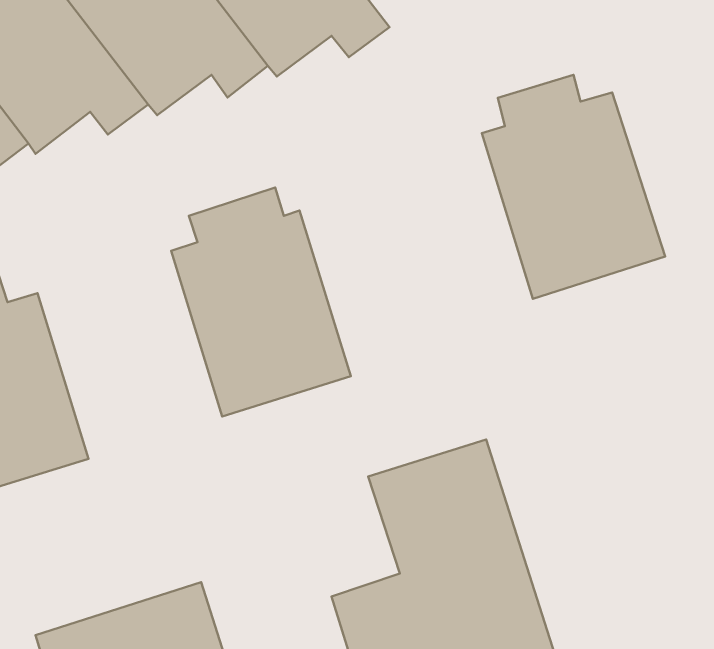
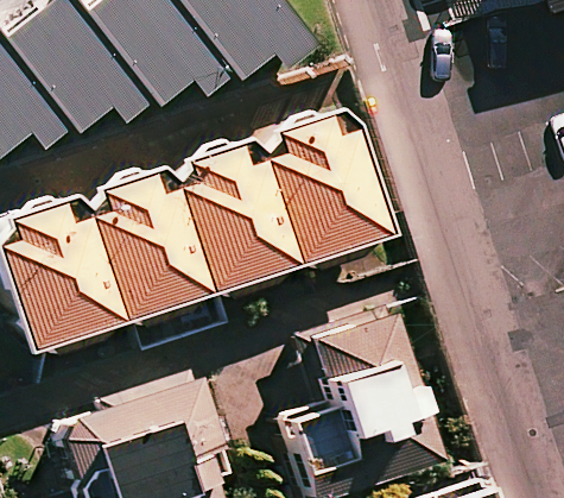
building: [482,75,665,299] -> [260,119,384,270]
building: none -> [83,175,208,326]

